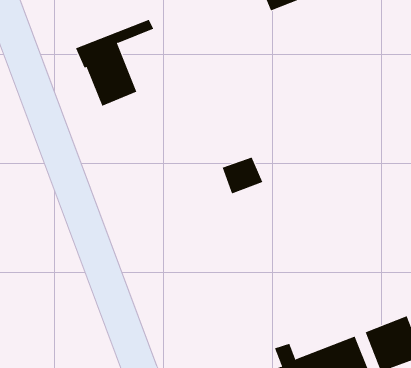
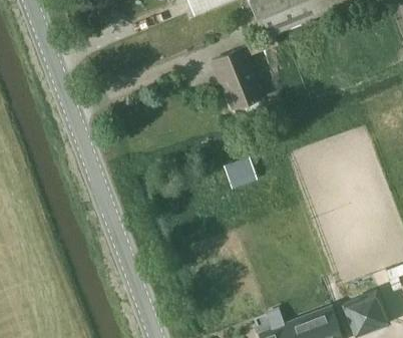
building: [75,19,154,106] -> [211,38,276,110]

